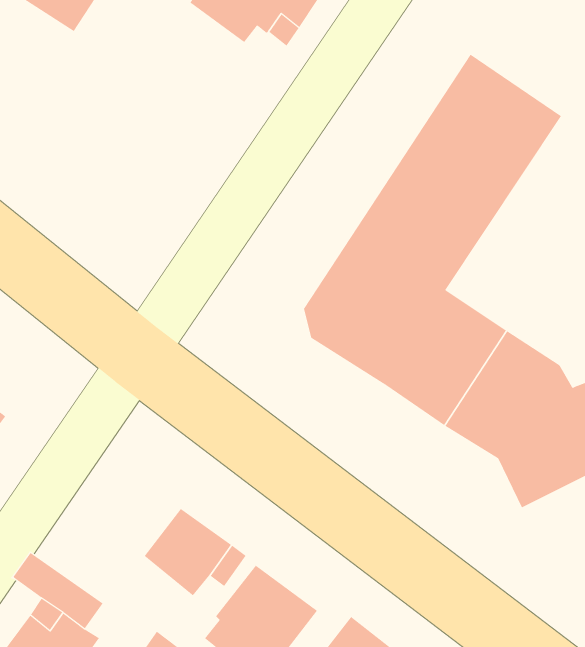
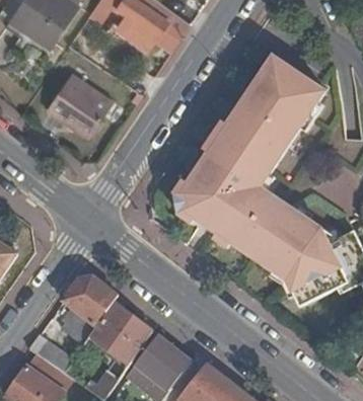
building: none -> [48,71,114,136]
building: none -> [61,275,118,343]

